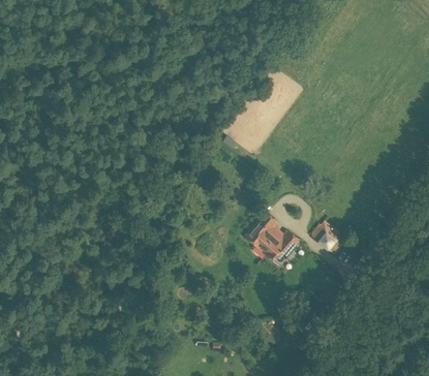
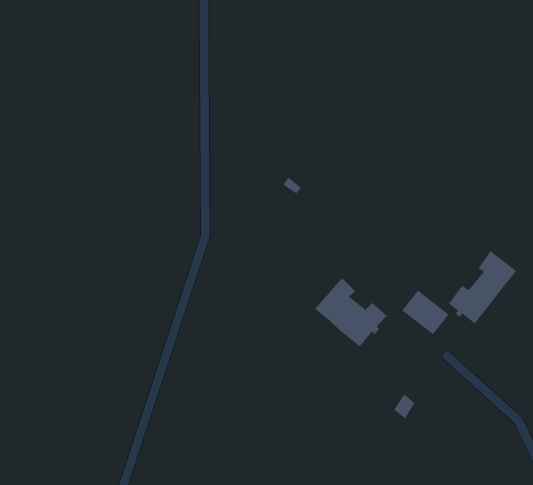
building: none -> [448,250,517,325]

